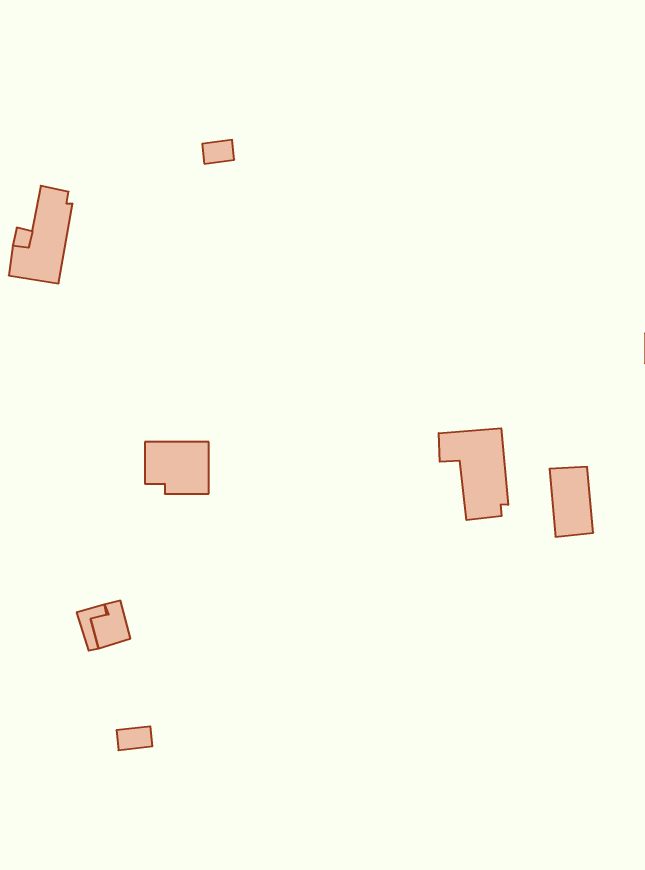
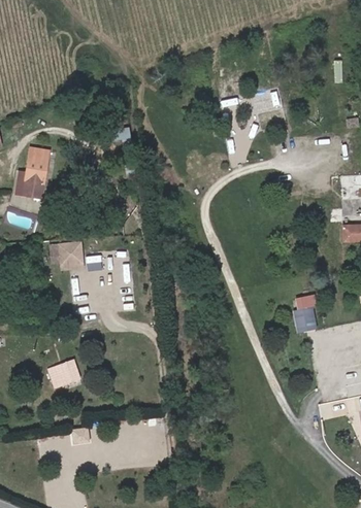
building: [439,428,508,520] -> none
building: [145,442,209,494] -> [51,241,84,268]

